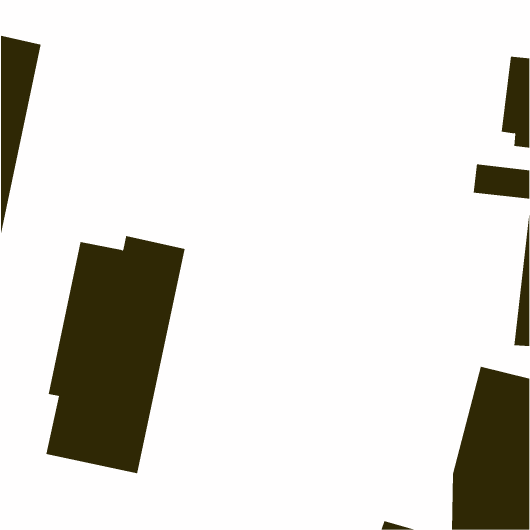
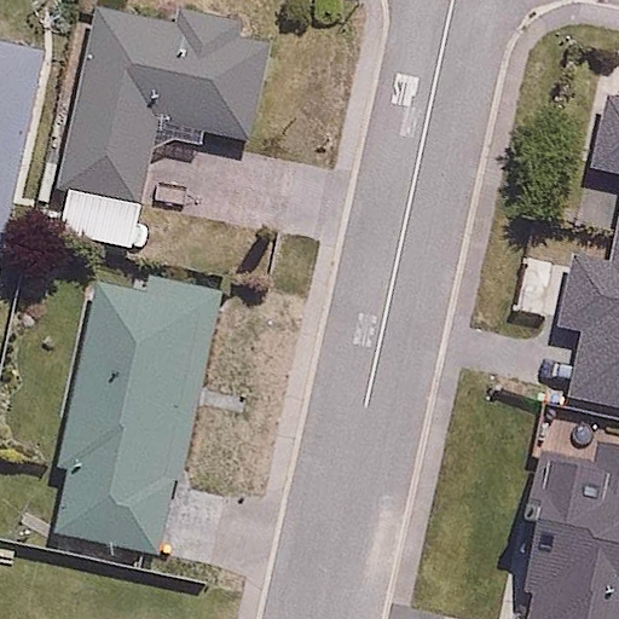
building: none -> [47,5,278,248]

